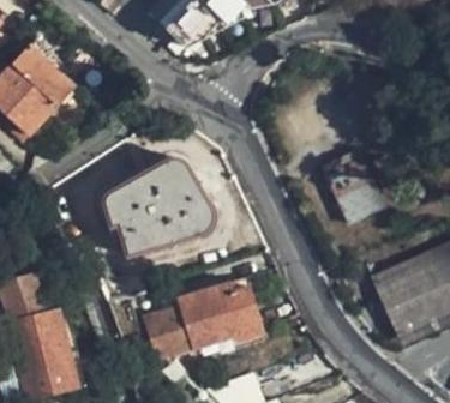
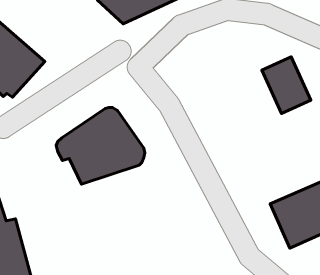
building: [324,149,386,221] -> [262,57,311,113]
building: [145,282,262,357] -> none

